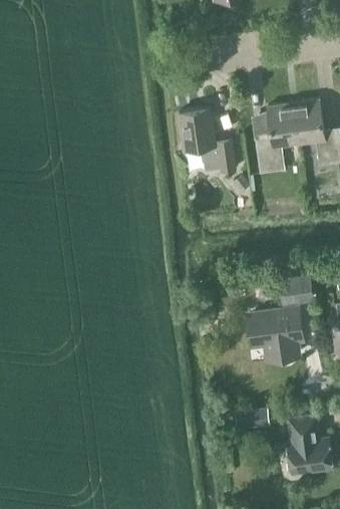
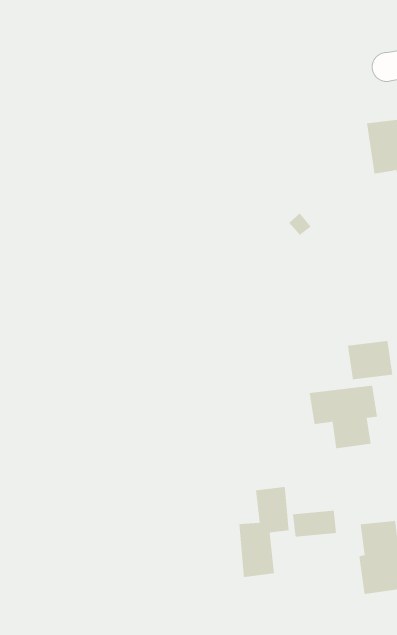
building: [256,103,299,173] -> none
building: [179,107,235,171] -> none
building: none -> [239,486,289,578]

